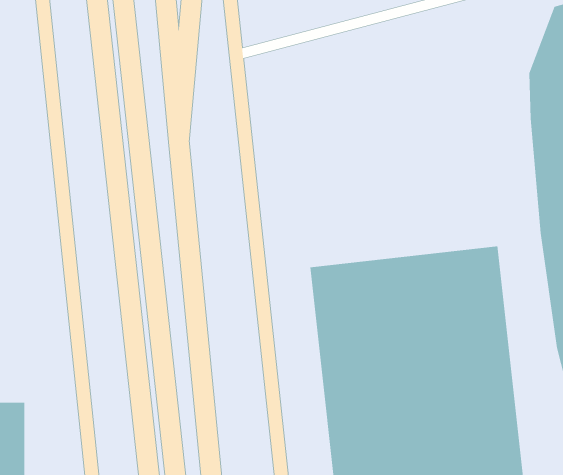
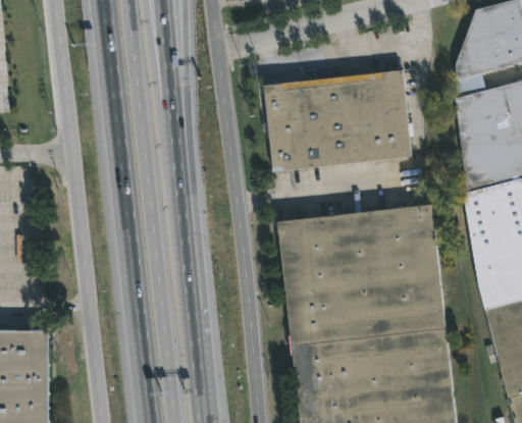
building: none -> [264,70,409,170]

